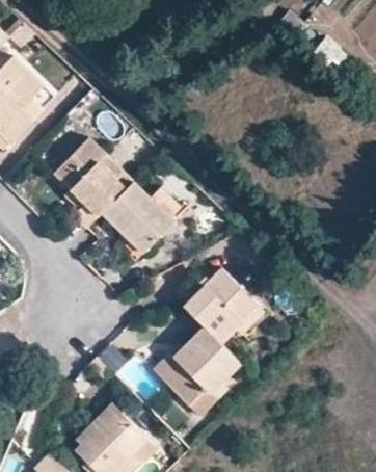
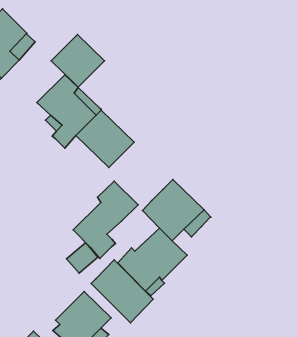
building: none -> [51,34,104,87]
building: none -> [73,181,138,259]
building: none -> [91,260,153,323]

